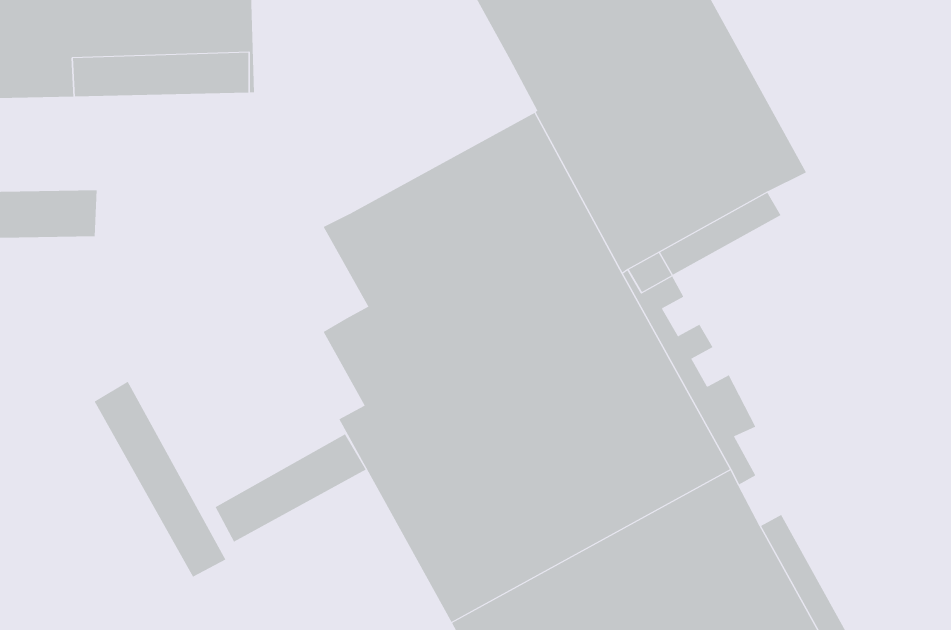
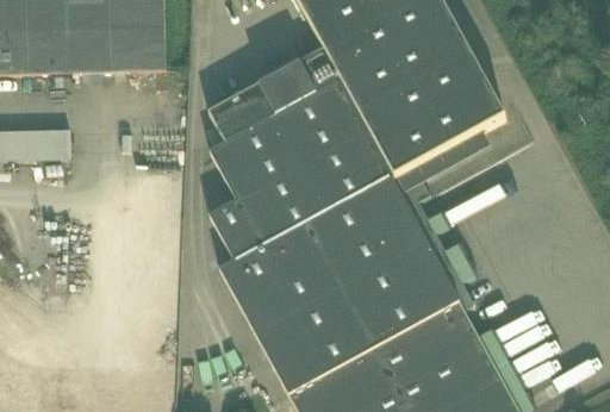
building: none -> [207,49,340,143]
building: [94,381,226,577] -> none
building: [215,433,367,543] -> none

